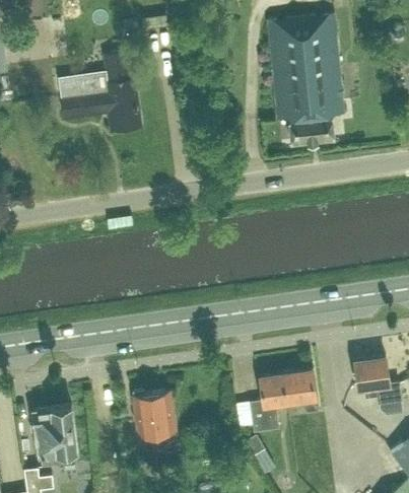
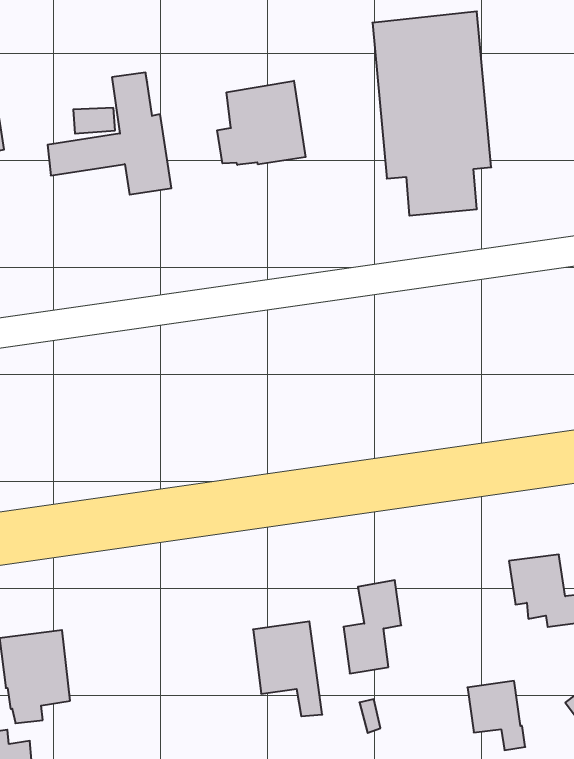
building: none -> [217,81,306,165]
building: [281,369,318,413] -> [467,681,525,750]
building: [133,391,177,450] -> [253,621,322,716]

